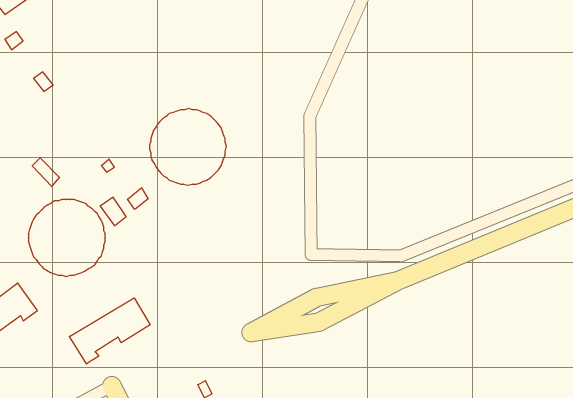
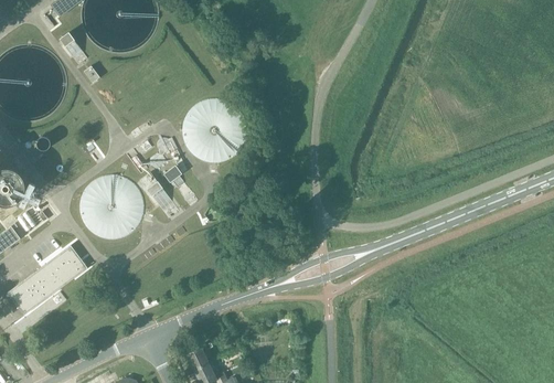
building: [69,298,150,364] -> none

